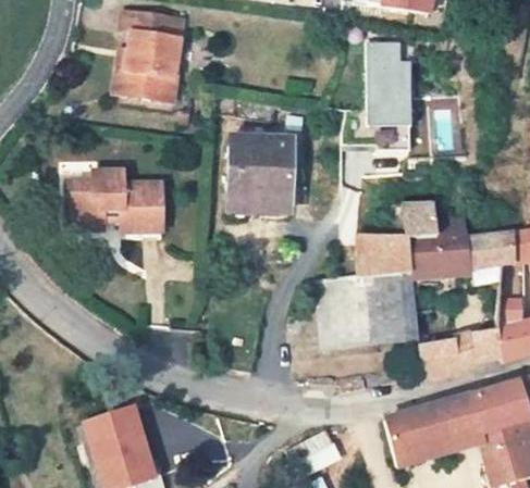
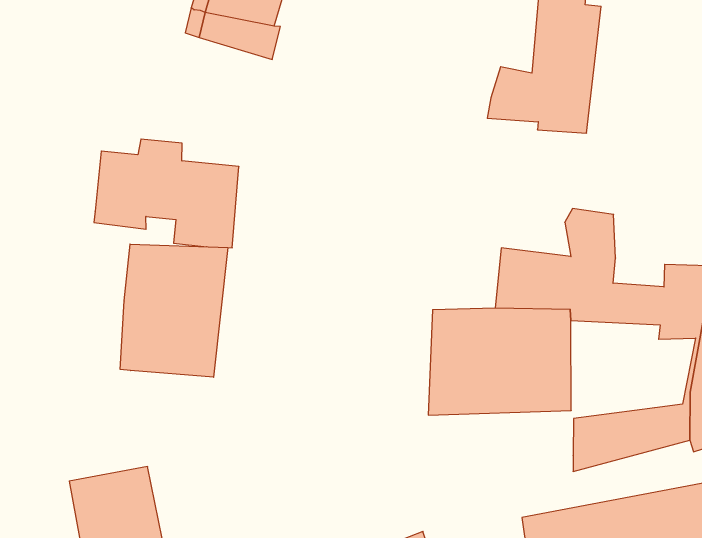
building: [242,141,303,224] -> none
building: none -> [120,244,228,377]

